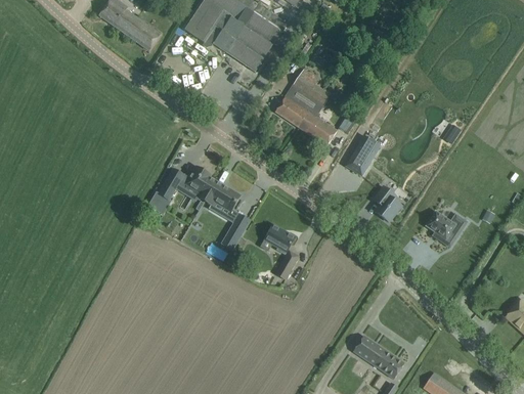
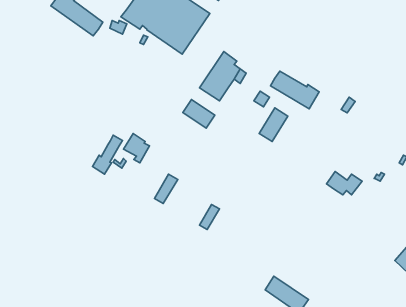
building: none -> [270,71,319,109]
building: [298,113,336,146] -> [183,100,215,128]
building: [204,181,239,212] -> none
building: [373,187,400,222] -> none
building: [264,225,294,252] -> none

